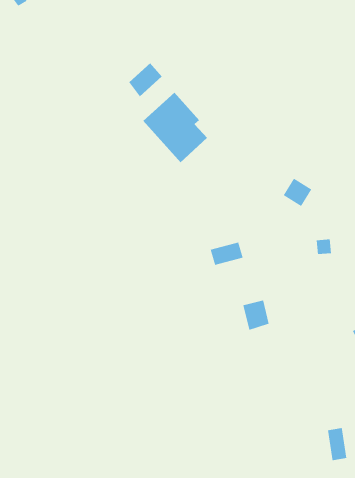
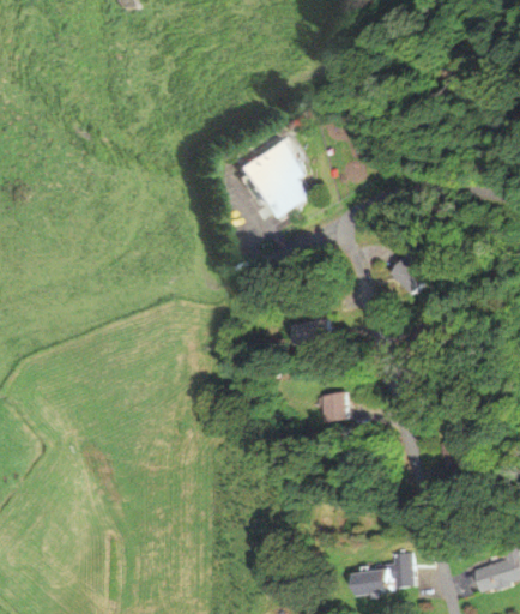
building: [128,62,163,97] -> none
building: none -> [350,570,392,595]

